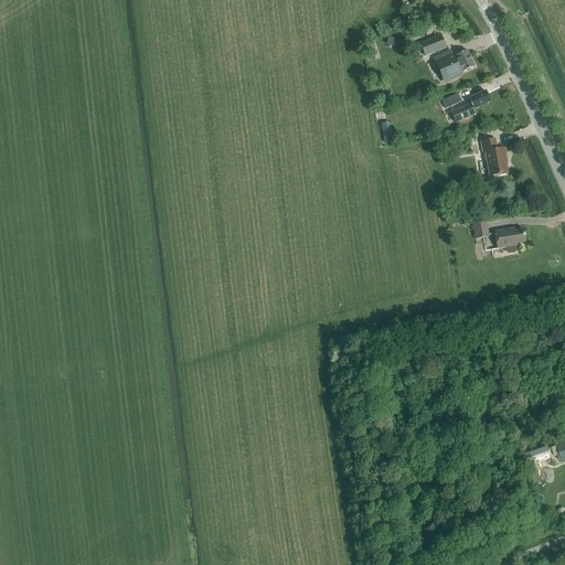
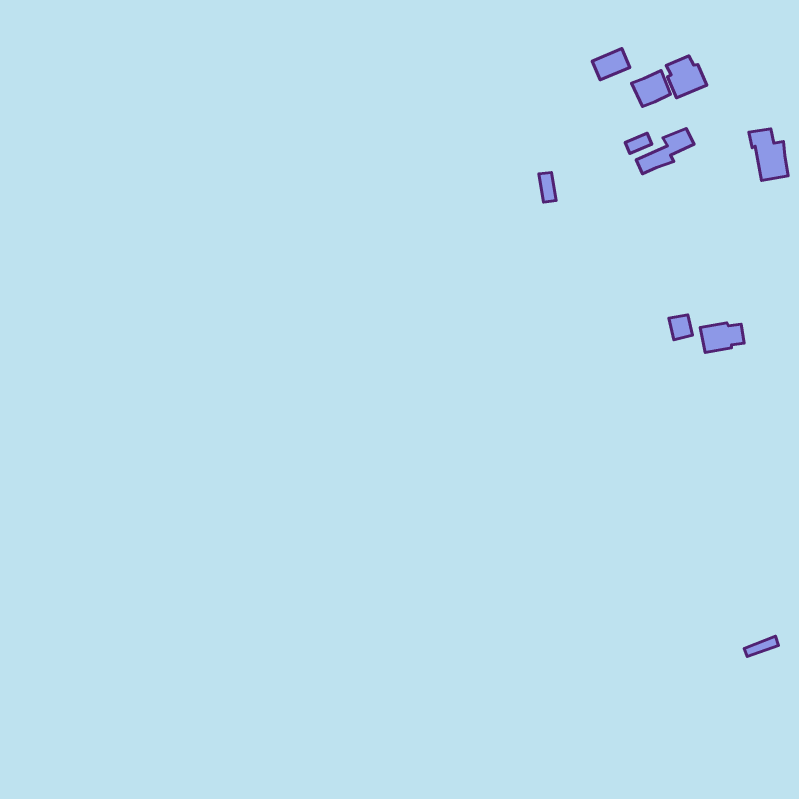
building: none -> [666,56,707,98]
building: [479,139,507,175] -> [749,129,788,181]

